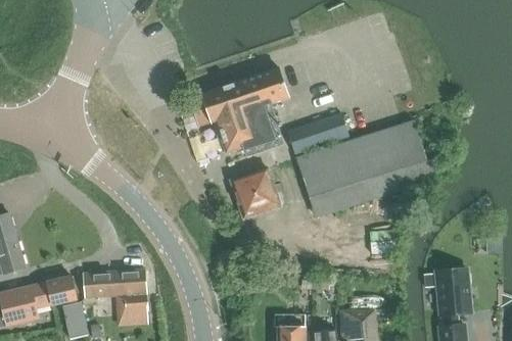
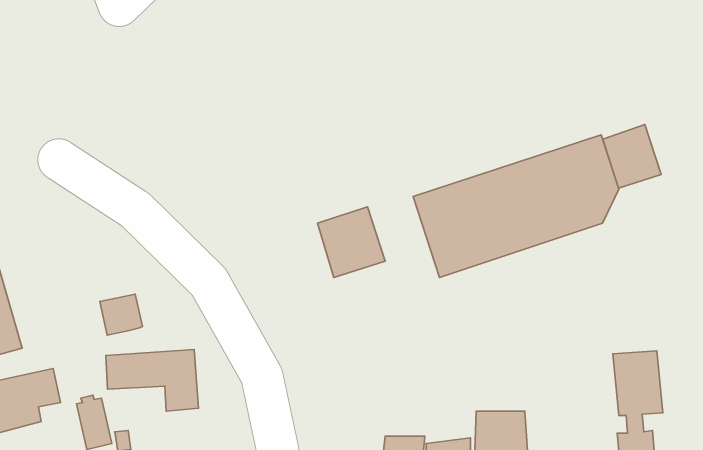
building: [202,66,289,156] -> none
building: none -> [603,125,661,188]
building: [288,113,351,154] -> none
building: [46,276,76,304] -> [100,294,142,335]

